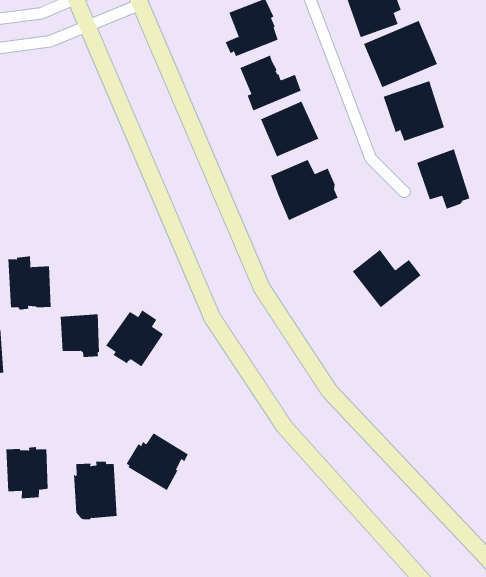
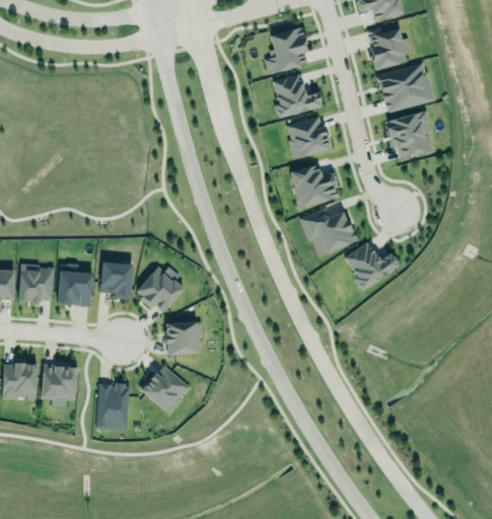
building: [416,149,470,209] -> none
building: none -> [300,210,358,253]
building: [7,256,51,310] -> [57,263,93,306]
building: none -> [165,322,203,356]

